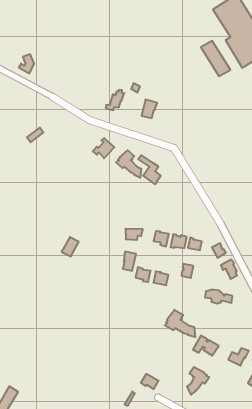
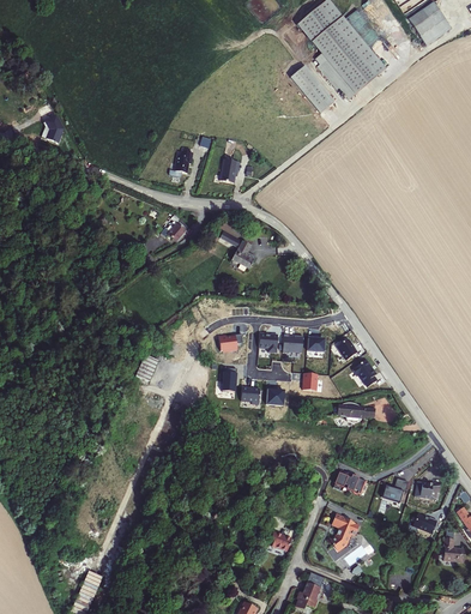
building: [116,150,141,178] -> none
building: [165,310,195,337] -> none

